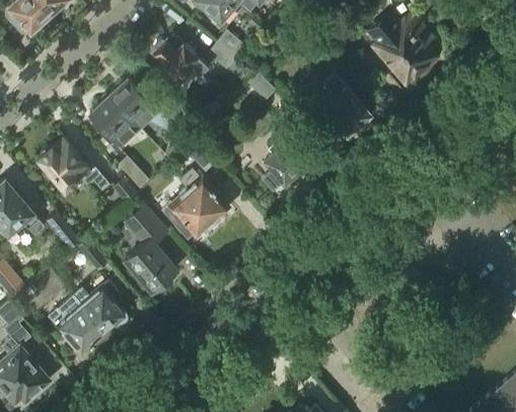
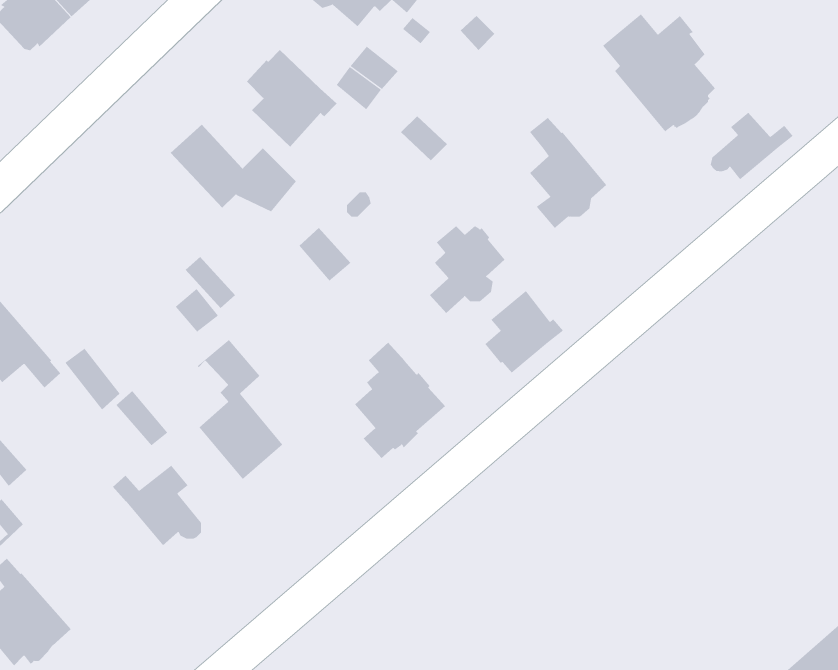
building: none -> [710,112,793,180]
building: [90,95,141,147] -> none
building: [39,139,109,192] -> none
building: [172,169,227,239] -> [354,342,446,459]
building: none -> [485,290,564,374]
building: [52,304,105,352] -> none

